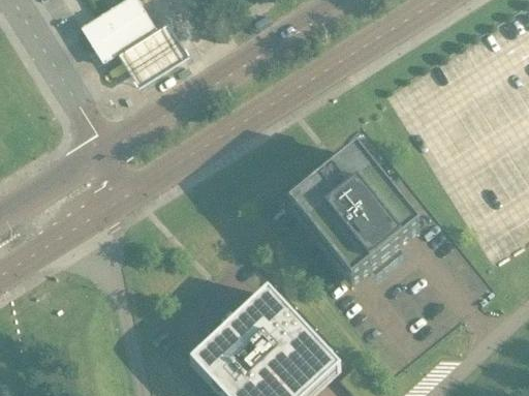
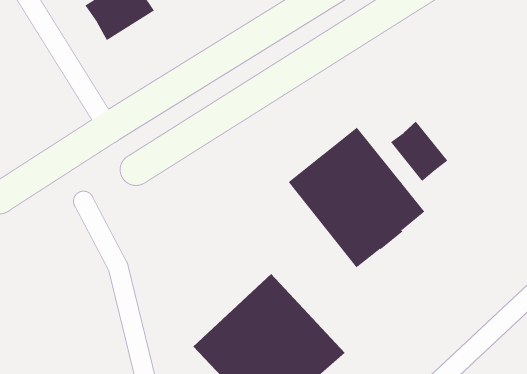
building: [119,24,190,88] -> none
building: none -> [390,121,448,182]

